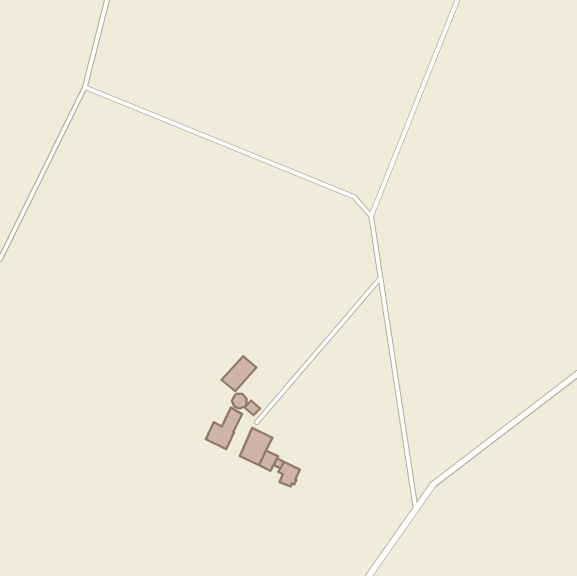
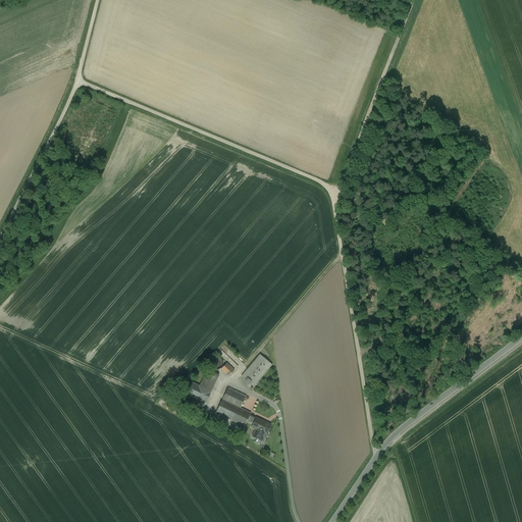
building: [222,356,257,391] -> [242,353,273,384]

